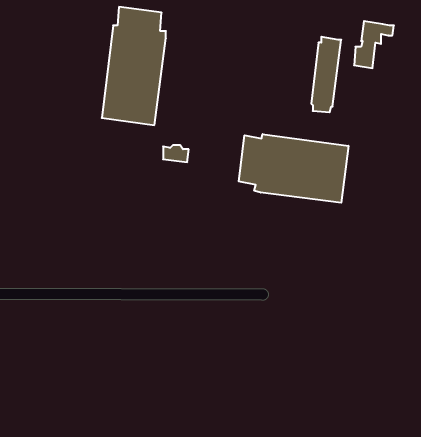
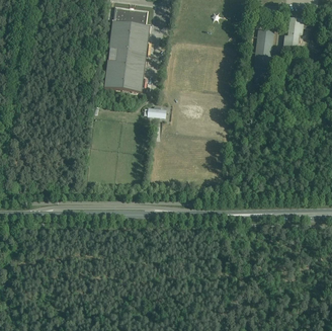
building: [239,134,348,203] -> none

